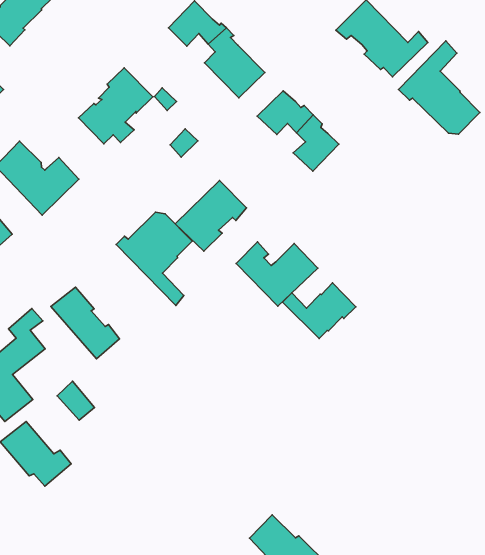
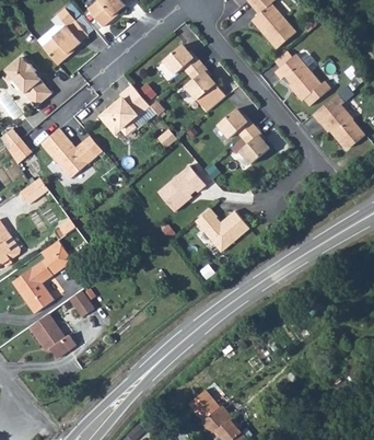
building: [116,212,192,305] -> none
building: [282,283,356,339] -> none
building: [51,287,119,359] -> none

